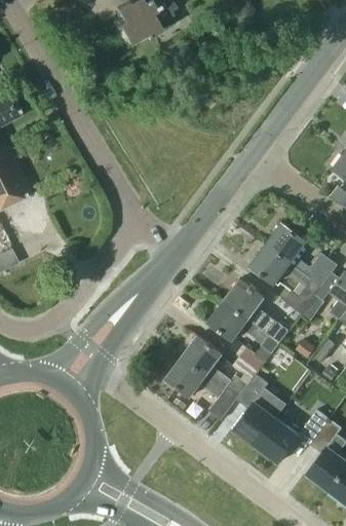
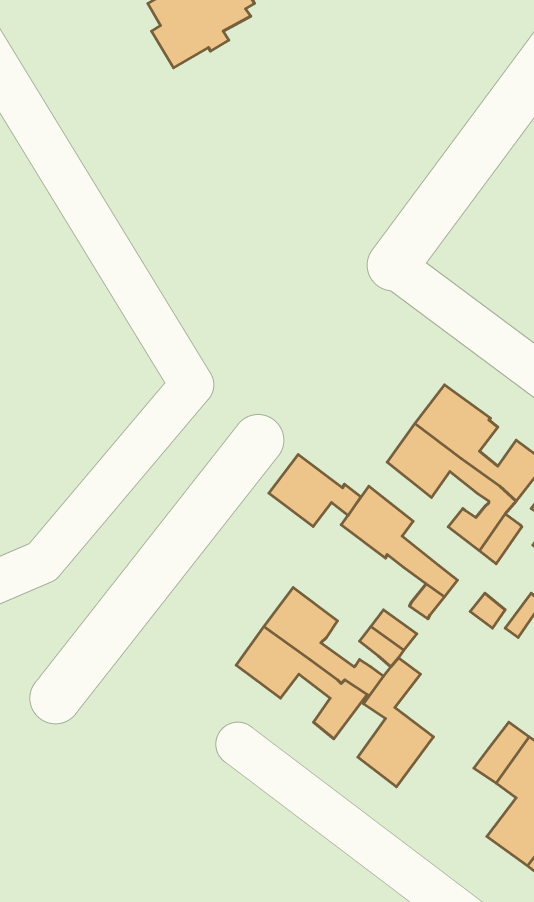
building: [207,300,259,340] -> [269,455,361,526]
building: [255,418,298,462] -> none

